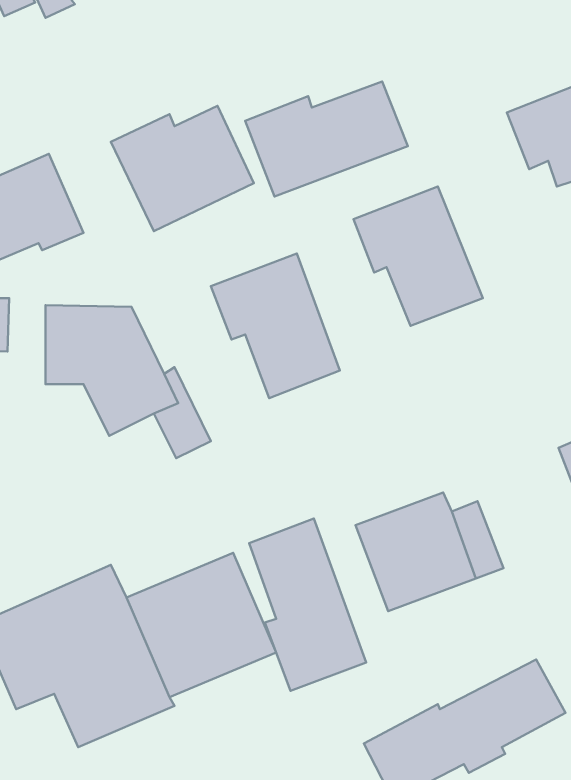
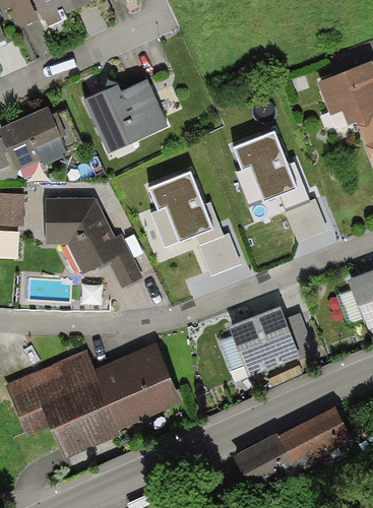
building: [245,81,408,197] -> none
building: [249,518,366,691] -> none

